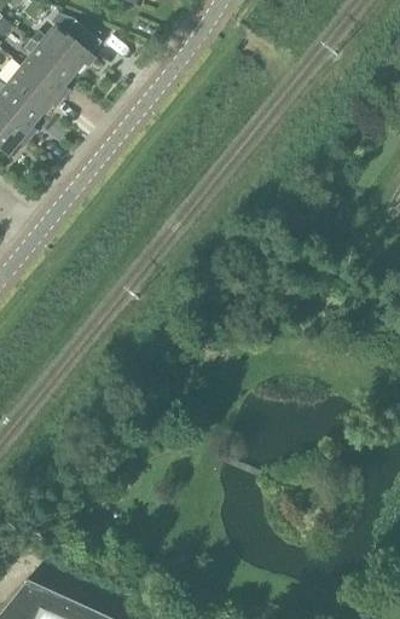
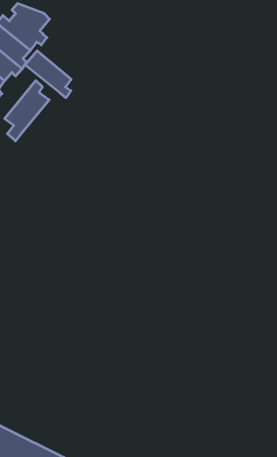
building: none -> [25,51,71,98]
building: none -> [5,81,49,141]

